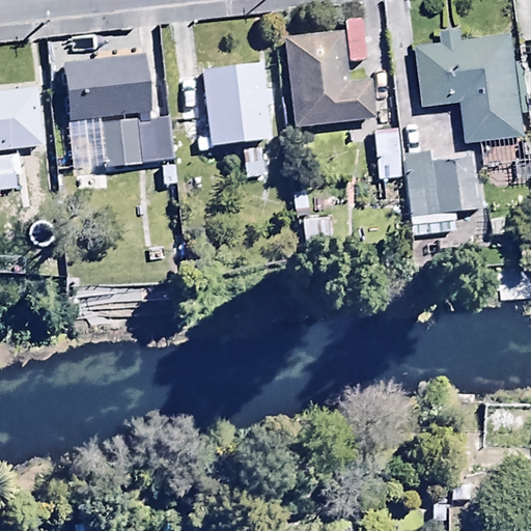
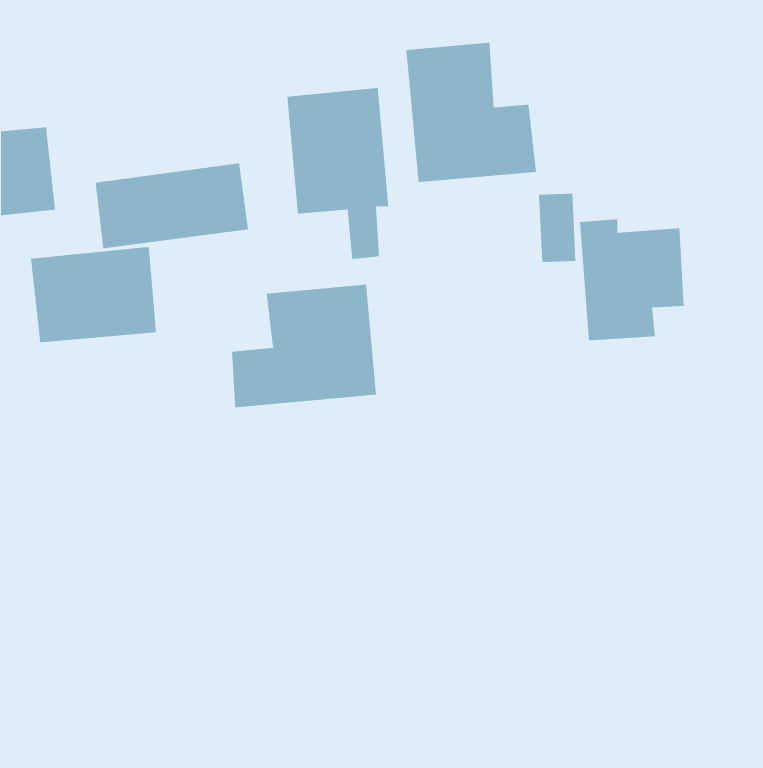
building: [419,26,524,144] -> none
building: [62,53,149,119] -> [30,246,157,343]
building: none -> [231,284,377,408]

